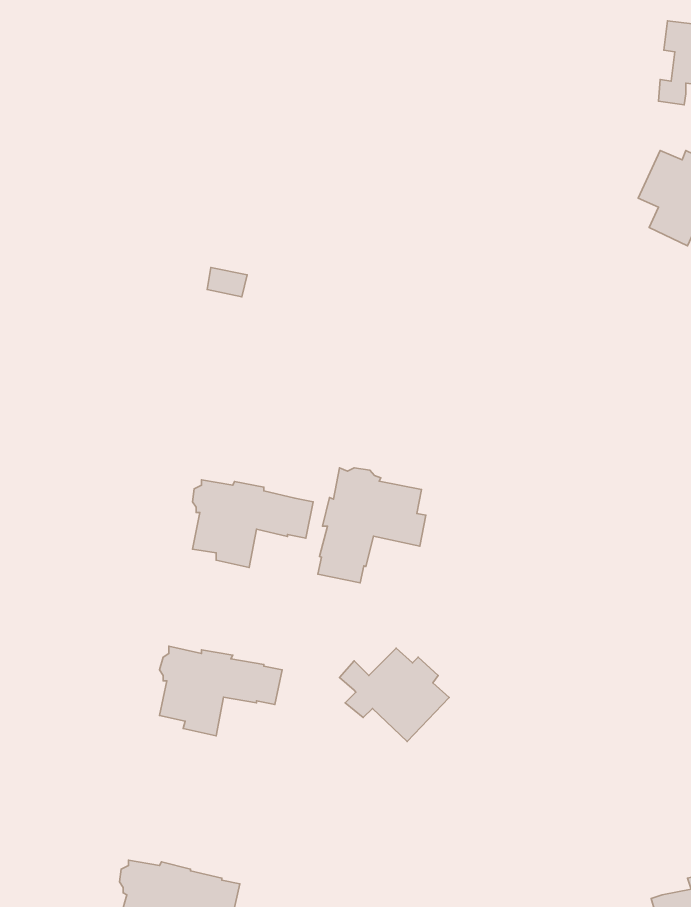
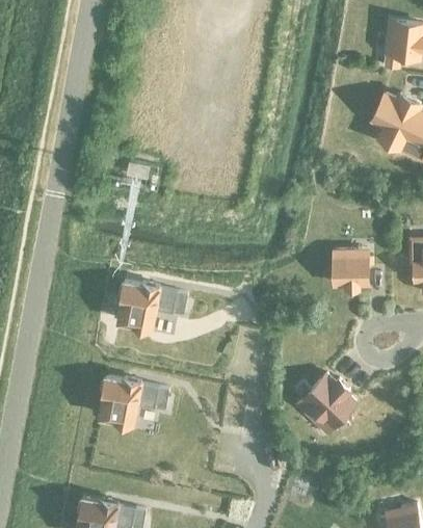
building: none -> [333,250,372,287]
building: [318,468,426,583] -> none
building: [340,648,449,741] -> [292,374,354,427]

